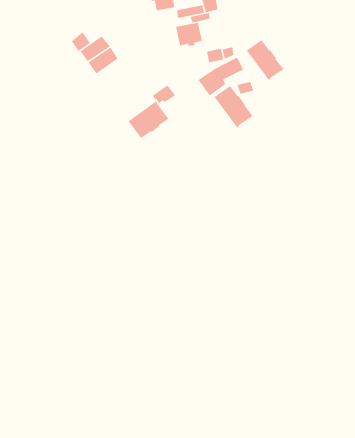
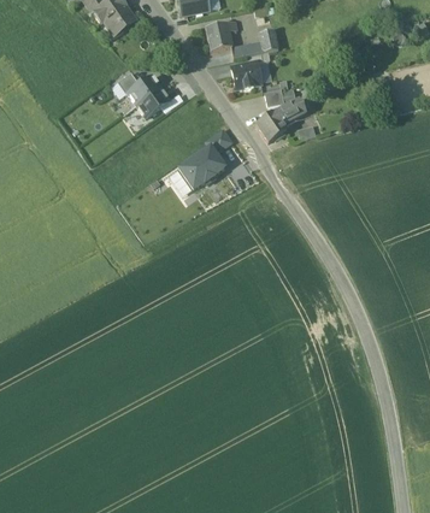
building: [246,39,285,81] -> none
building: [213,85,254,129] -> none

